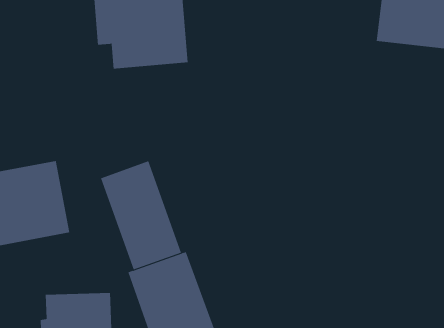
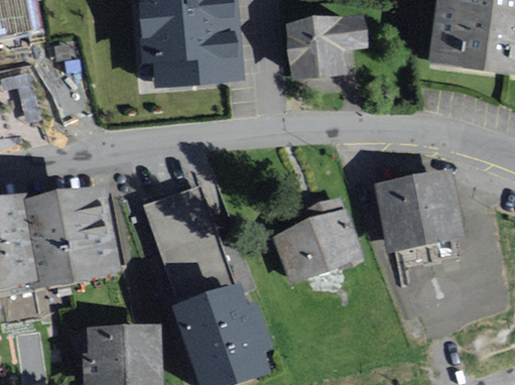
building: none -> [289,25,363,82]
building: none -> [379,169,461,239]
building: none -> [277,196,359,276]

